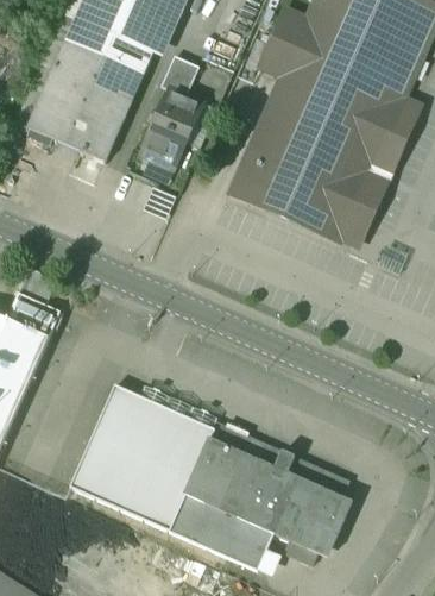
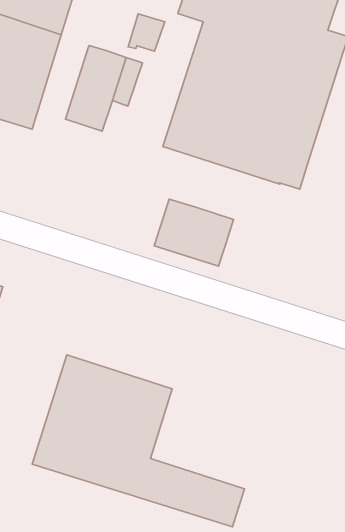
building: [160,55,198,93] -> [128,14,165,51]
building: none -> [154,199,233,266]
building: [184,420,348,563] -> none

